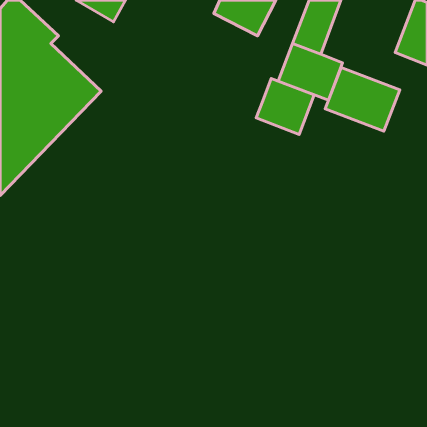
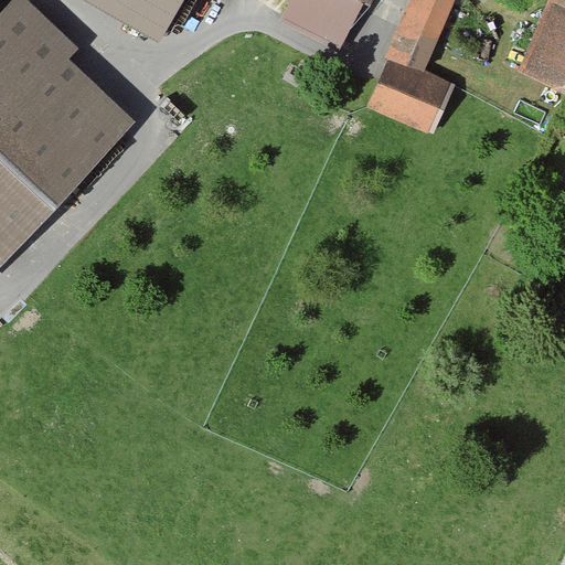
building: [325,68,400,131] -> none
building: [256,78,314,134] -> none

